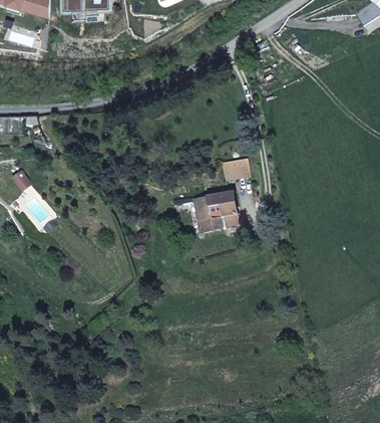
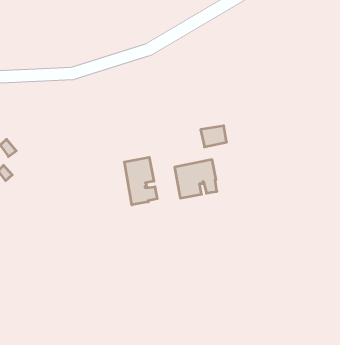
building: none -> [124,157,157,205]

